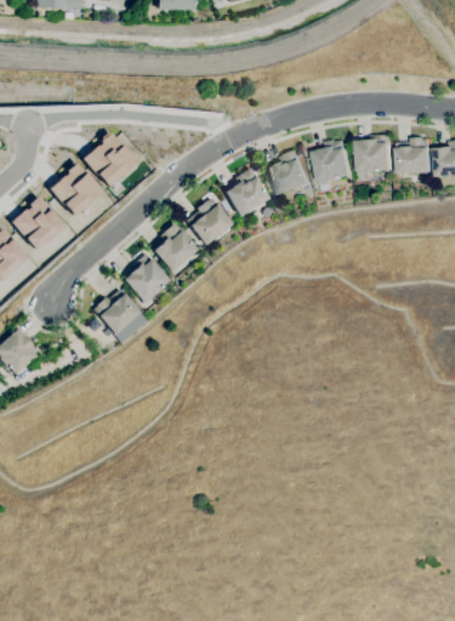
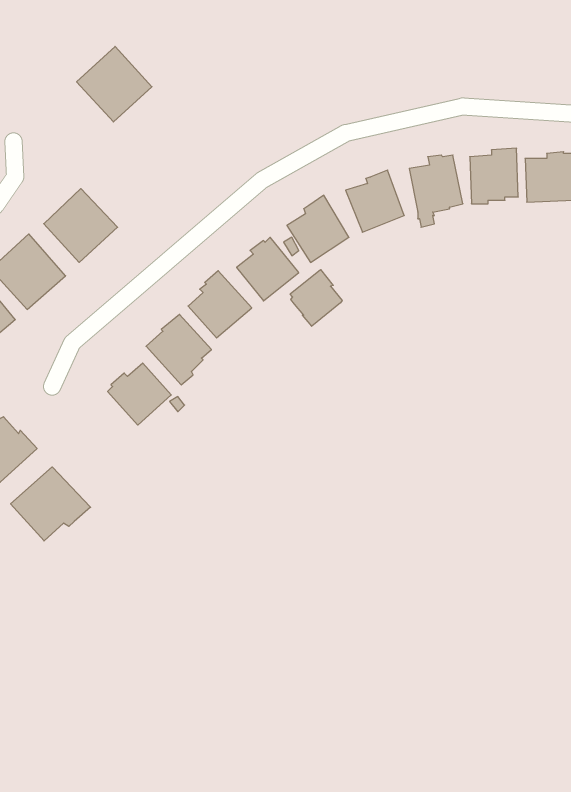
building: [83,133,137,188] -> [77,46,152,122]
building: none -> [290,270,342,326]
building: none -> [11,467,91,541]

